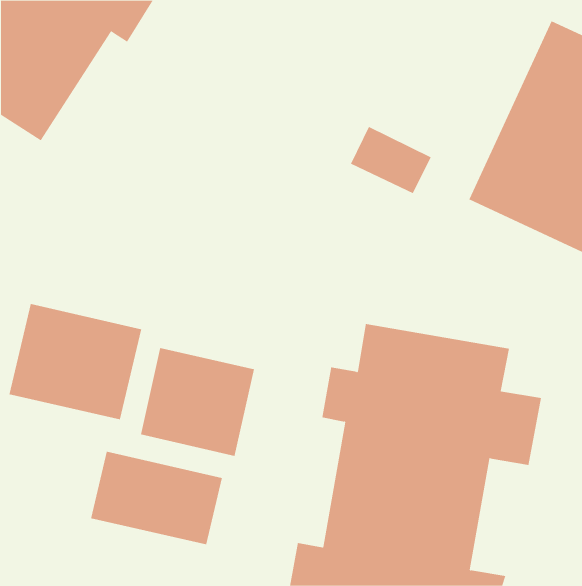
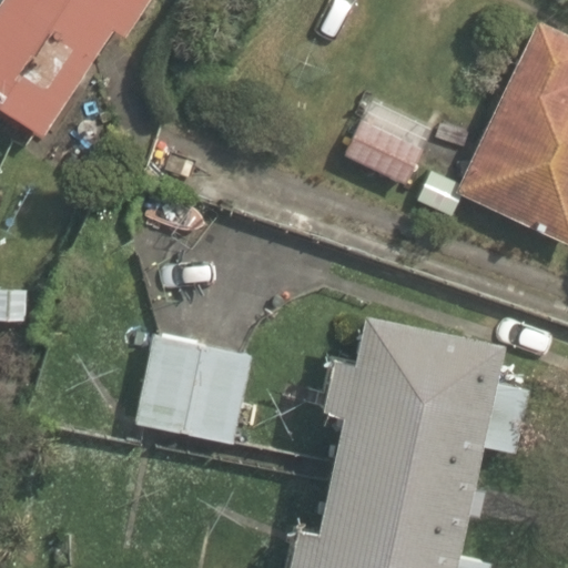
building: [9,303,142,420] -> none
building: [90,451,223,545] -> none

